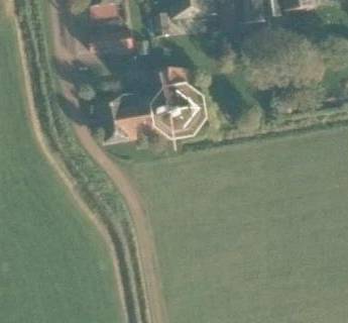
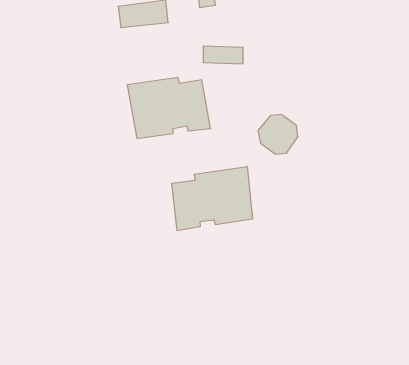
building: [176,89,208,121] -> [258,114,298,154]
building: none -> [172,166,253,231]

